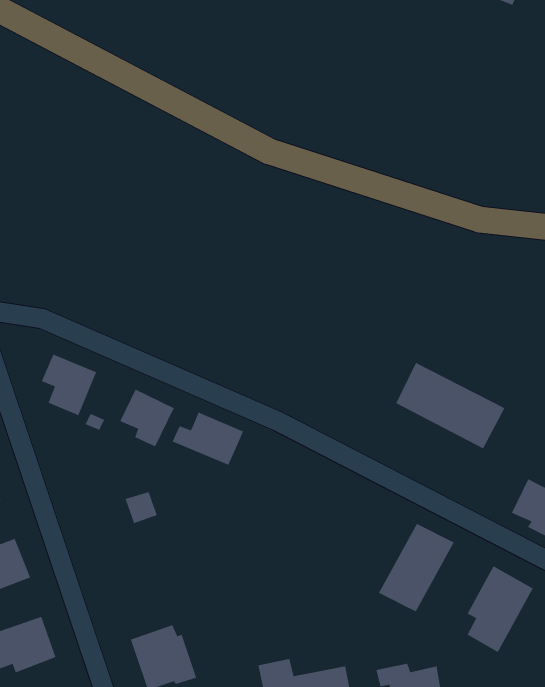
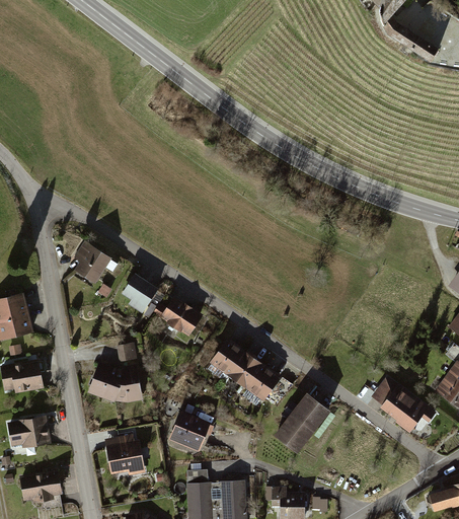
building: [395,362,506,450] -> [209,338,282,403]
building: none -> [85,361,142,404]
building: [466,565,534,653] -> none
building: none -> [168,412,210,452]

